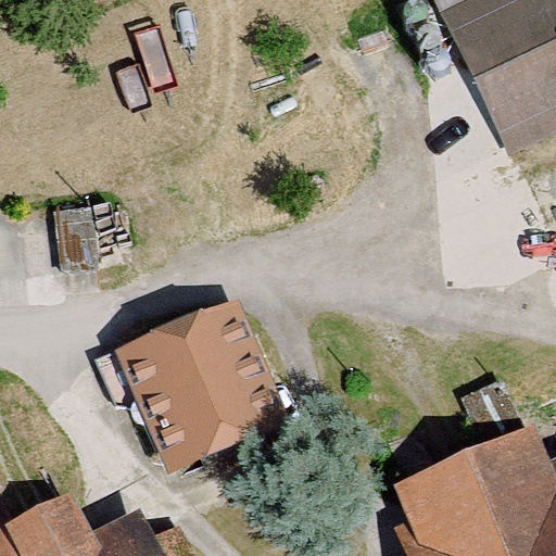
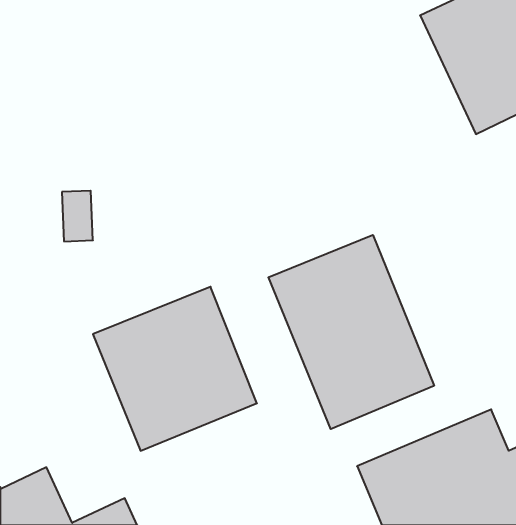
building: none -> [268,235,434,429]

